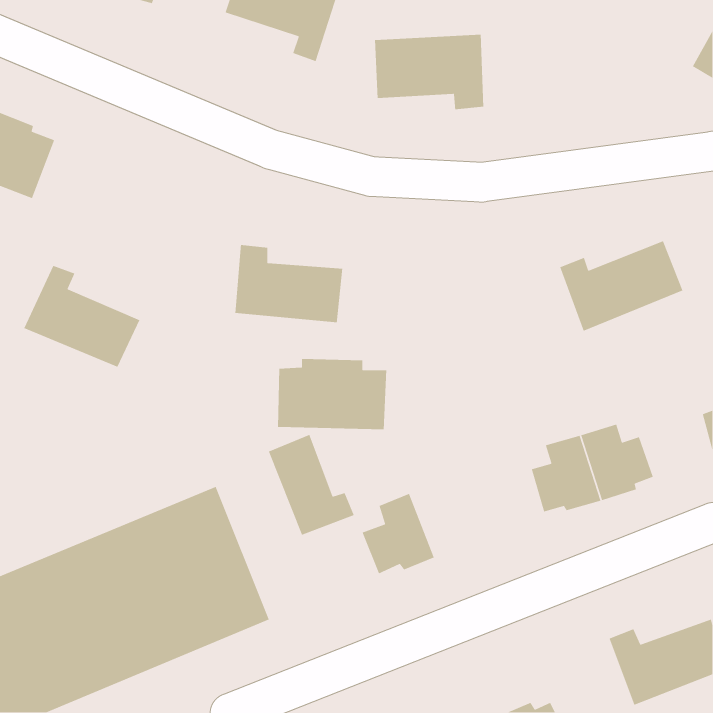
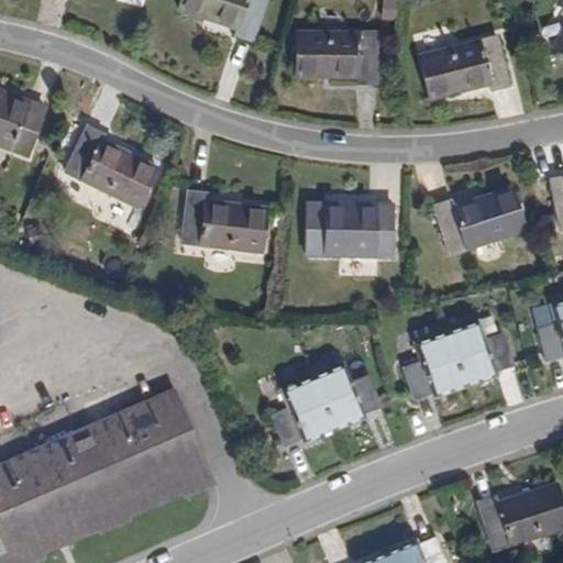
building: none -> [419,25,514,95]
building: [23,265,140,368] -> [66,124,157,205]
building: [277,358,387,430] -> [308,203,394,260]
building: [268,434,355,536] -> none
building: none -> [319,374,378,434]

